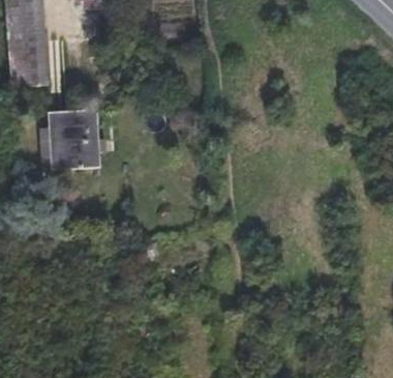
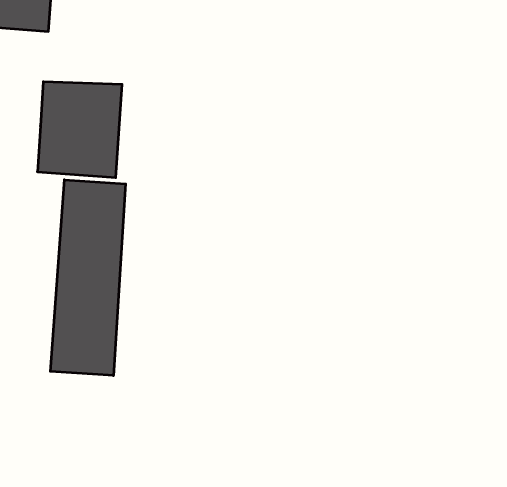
building: none -> [50,180,126,376]

